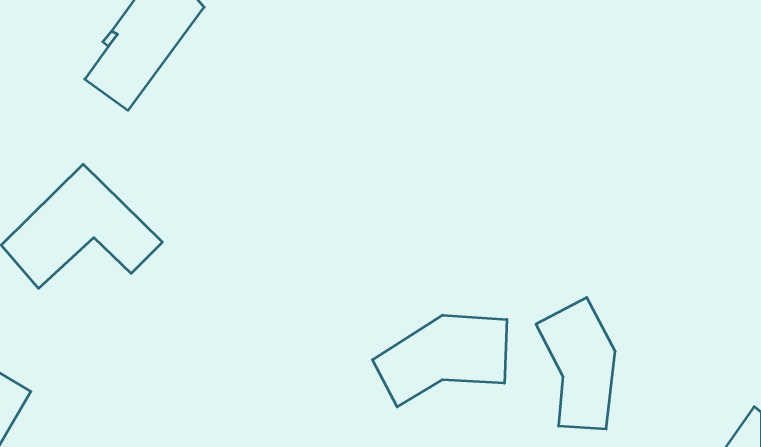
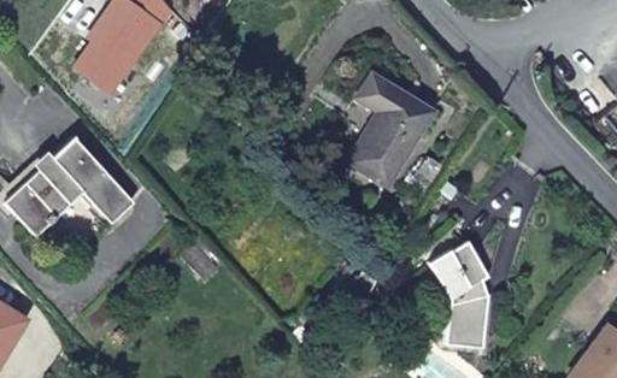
building: none -> [348,72,436,187]
building: [372,315,507,407] -> none

